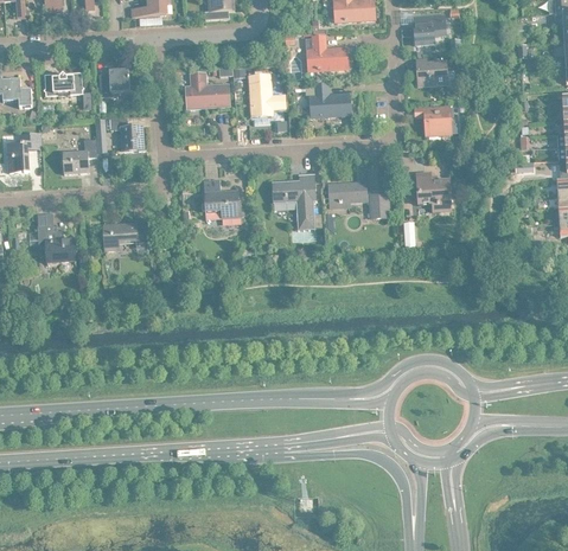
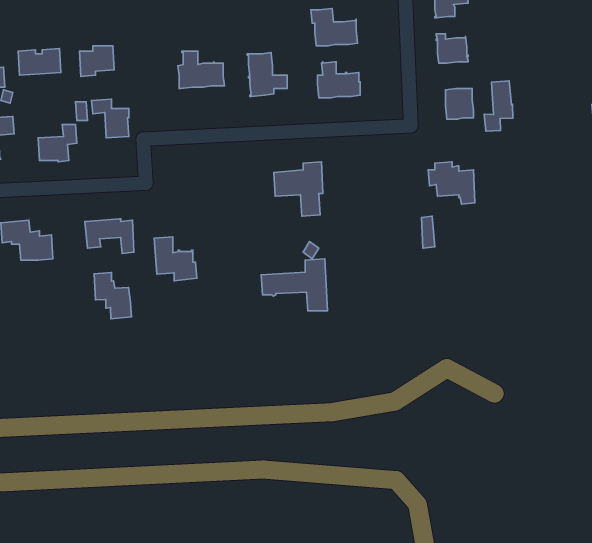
building: none -> [484,81,513,131]
building: [330,171,389,217] -> [261,259,328,311]
building: [204,179,242,218] -> [154,237,197,281]
building: none -> [94,273,131,319]

